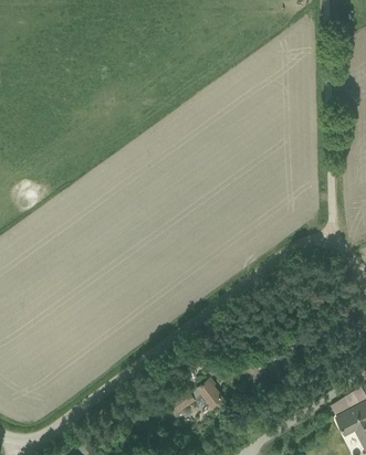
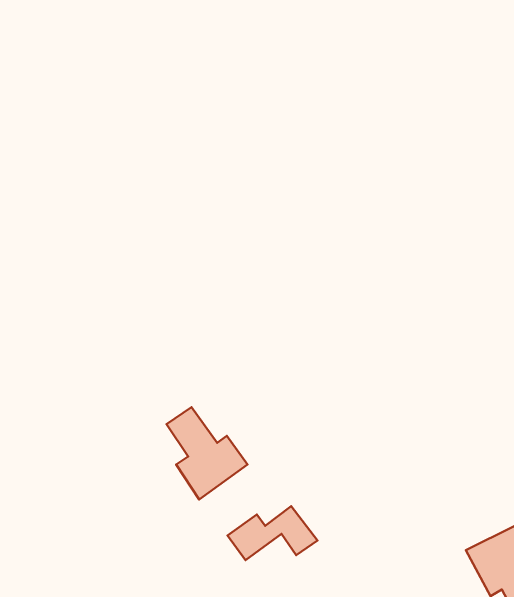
building: none -> [167,407,248,499]

